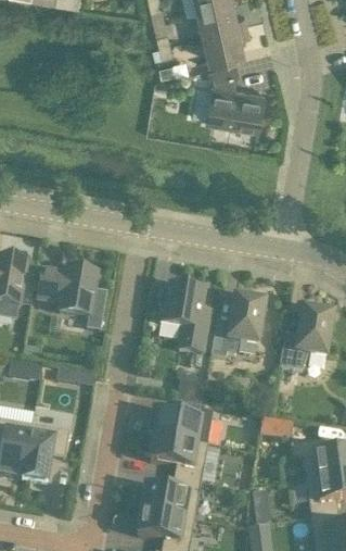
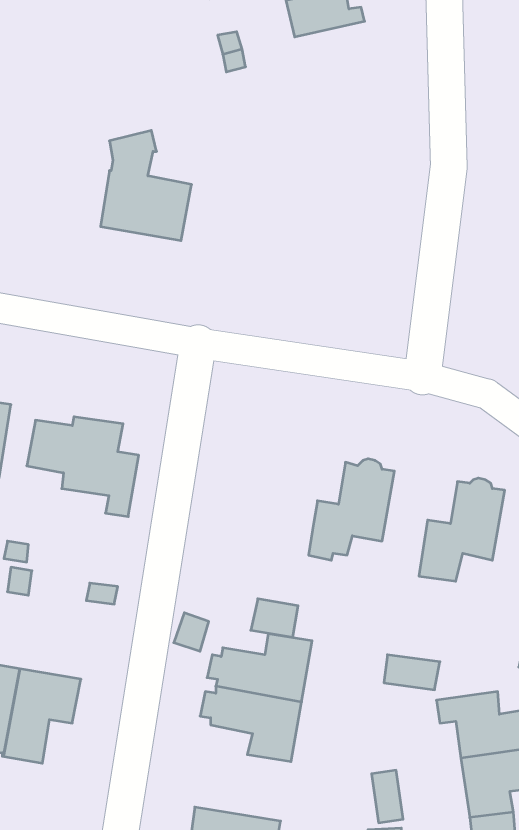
building: [203,23,248,57] -> none
building: [206,59,262,127] -> [101,130,192,241]
building: [158,286,207,354] -> none
building: [141,478,201,519] -> none

